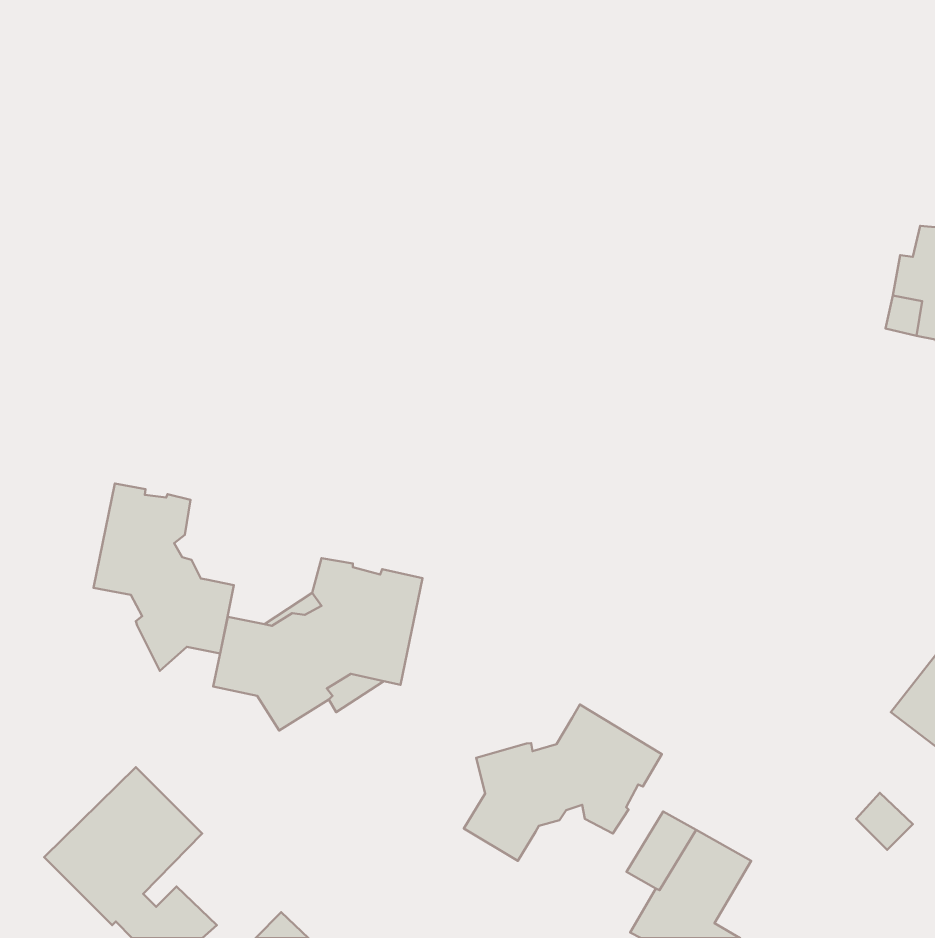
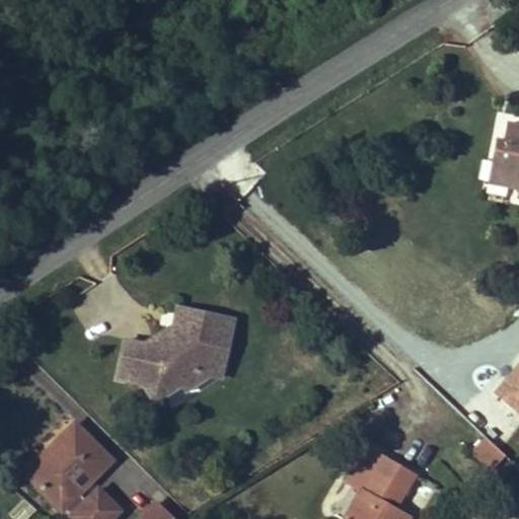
building: [93,484,234,671] -> none
building: [464,704,662,861] -> none

